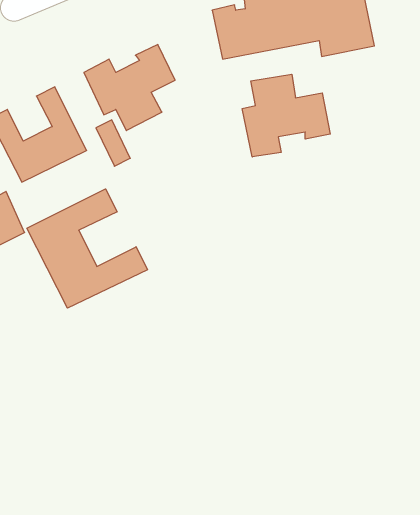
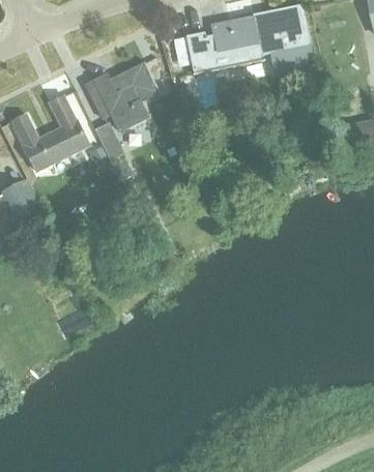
building: [242,74,330,157] -> none
building: [27,189,148,308] -> none

